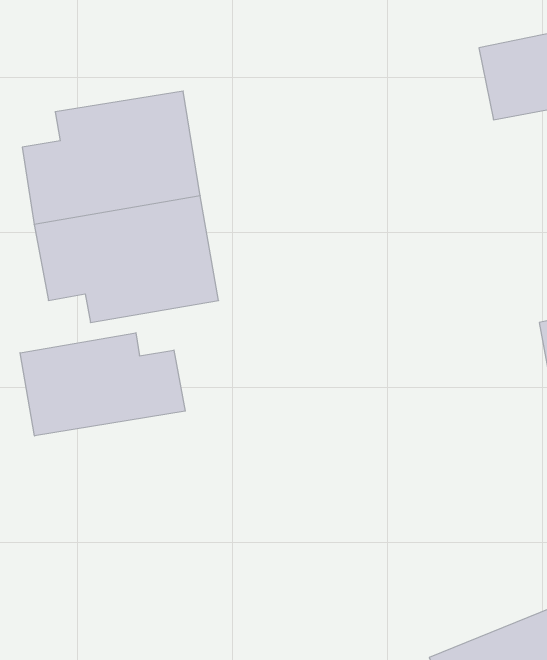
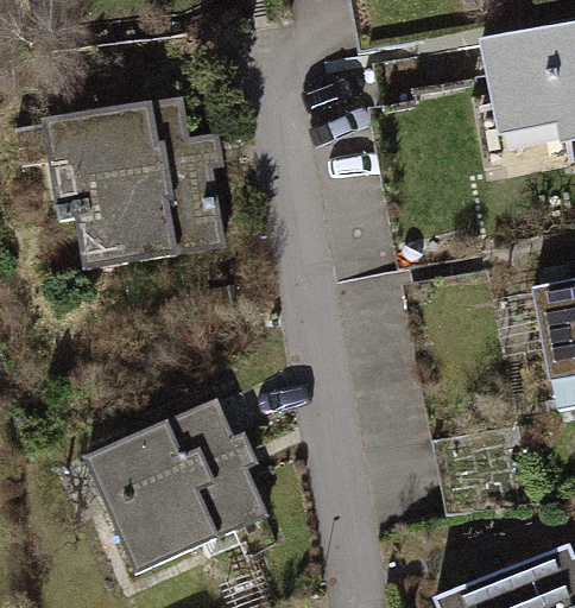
building: [20,333,185,436] -> none
building: none -> [100,401,264,574]

